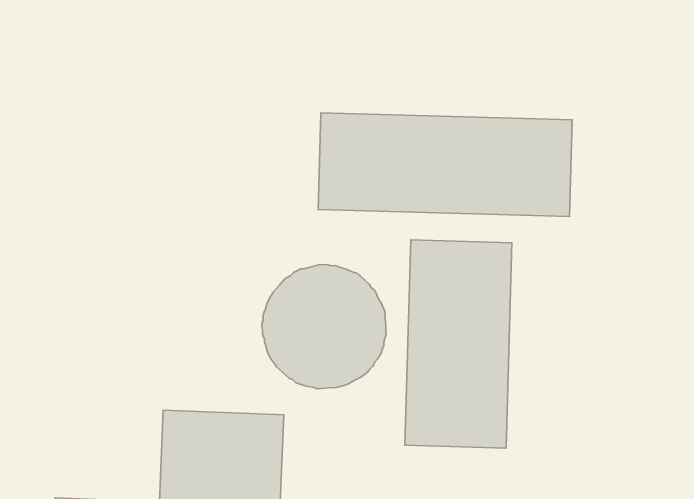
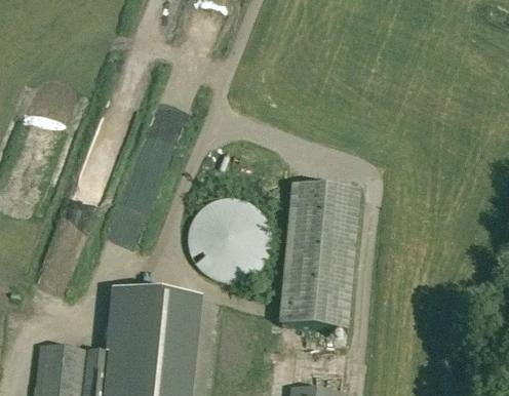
building: [318,113,572,217] -> none

